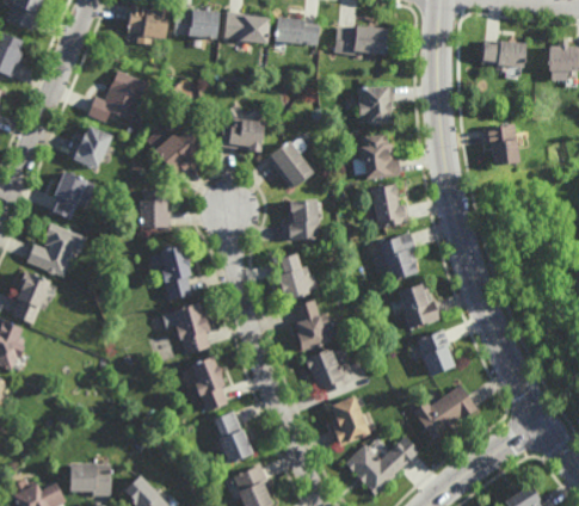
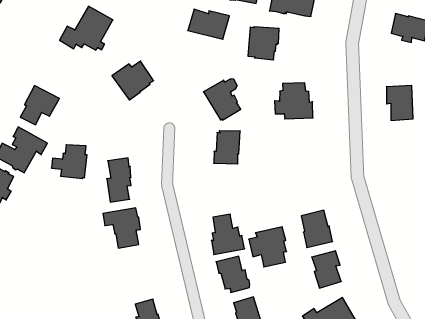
building: [357,86,393,124] -> [248,27,279,60]
building: [220,121,267,153] -> [188,9,229,39]
building: [69,127,113,171] -> none
building: [370,184,409,228] -> none
building: [130,190,171,229] -> [51,145,87,179]
building: [371,233,418,283] -> [249,227,287,267]
building: [276,254,316,302] -> none
building: [190,354,227,412] -> none

